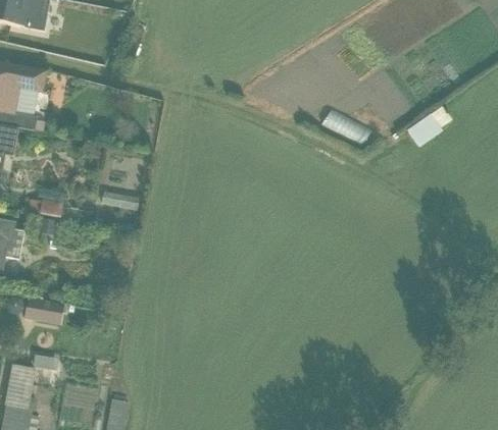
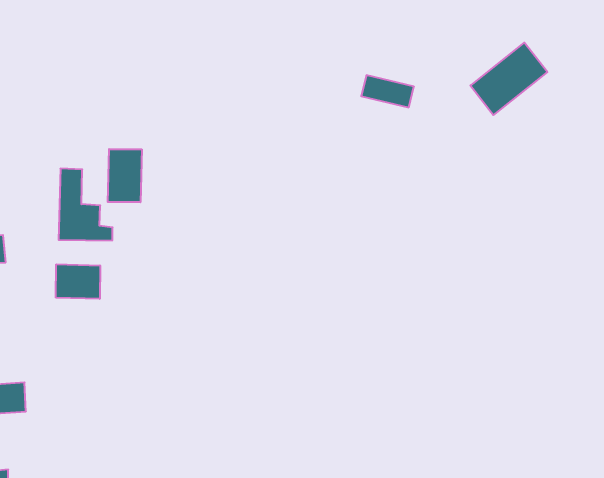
building: none -> [108,149,142,202]
building: none -> [56,264,100,299]

